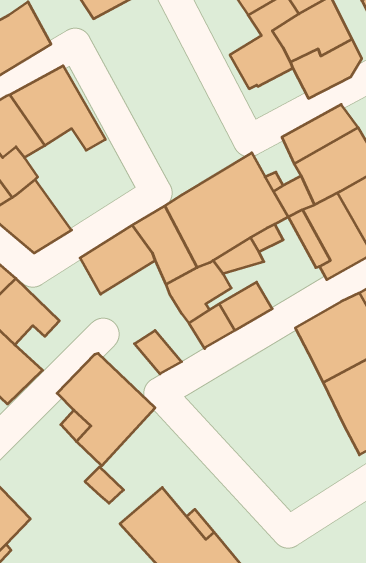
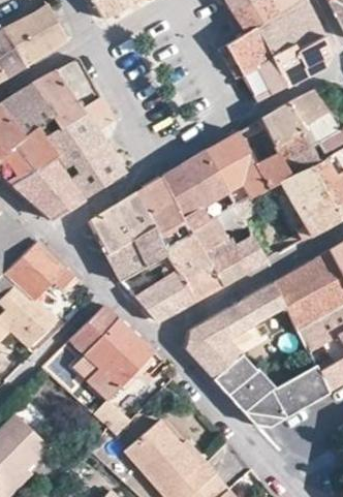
building: none -> [242,61,285,102]
building: none -> [42,113,123,199]
building: none -> [107,225,166,280]
building: none -> [197,226,268,268]
building: none -> [154,271,196,312]
building: none -> [186,283,329,427]

